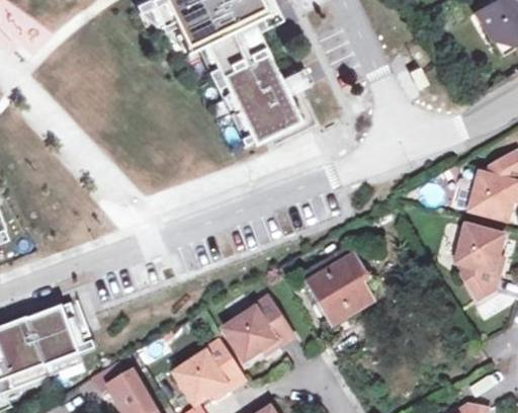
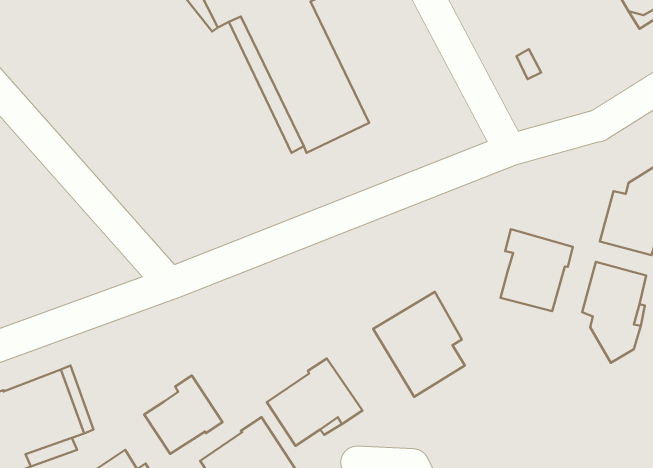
building: none -> [500,229,573,311]
building: none -> [144,376,223,454]

